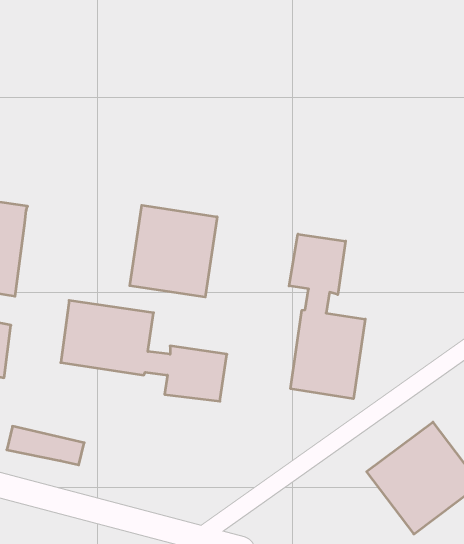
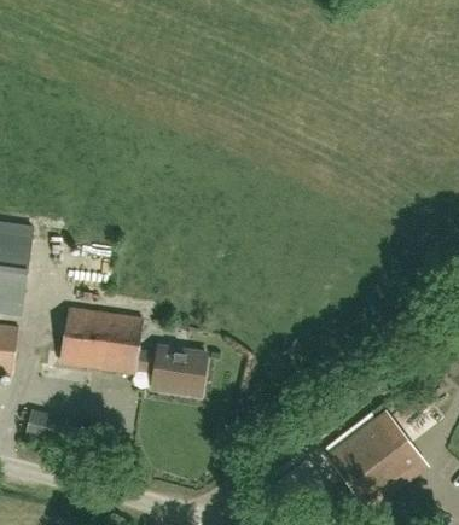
building: [130,205,217,297] -> none
building: [289,234,365,399] -> none

